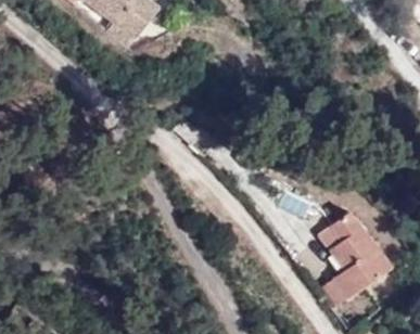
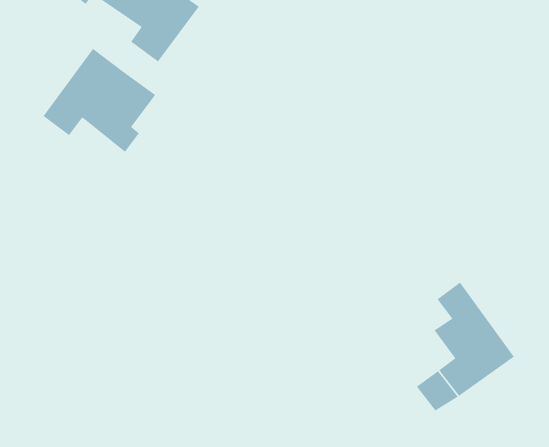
building: none -> [42,48,156,153]

